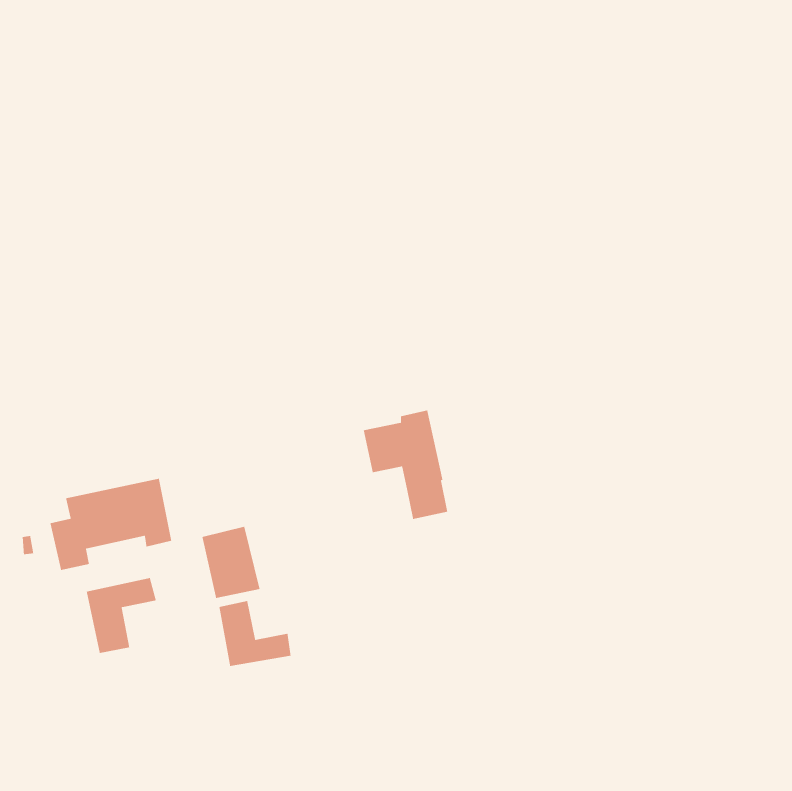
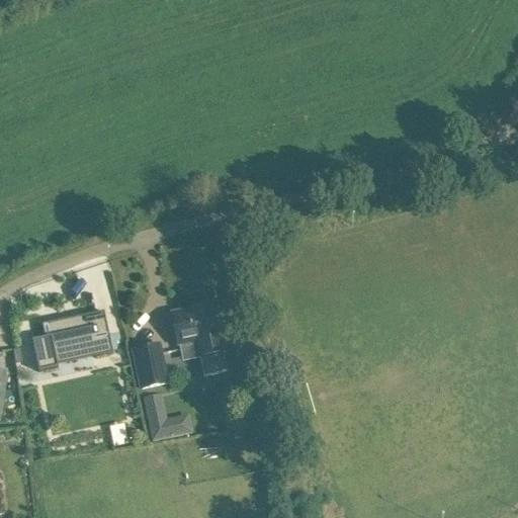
building: [363,410,448,520] -> [172,305,228,376]
building: [86,577,157,654] -> none

